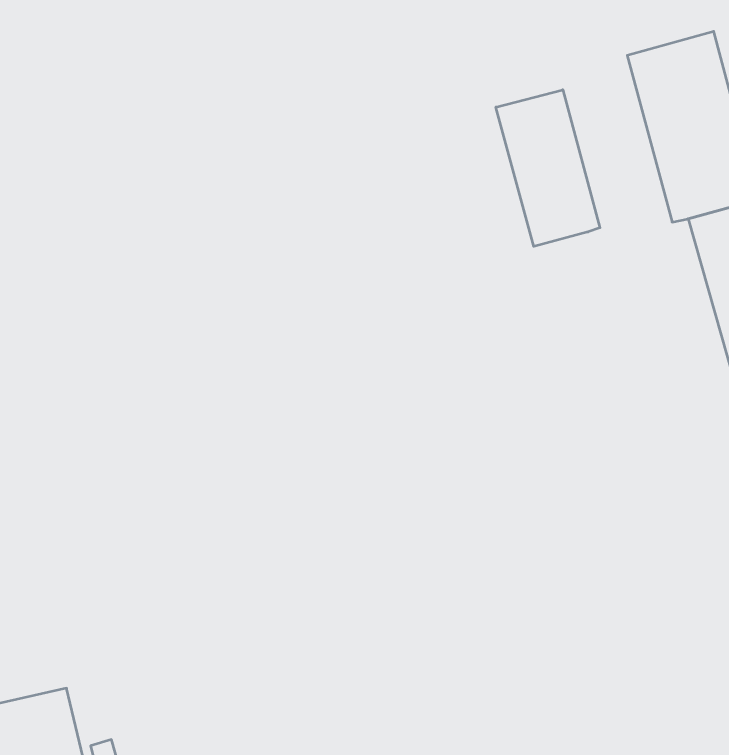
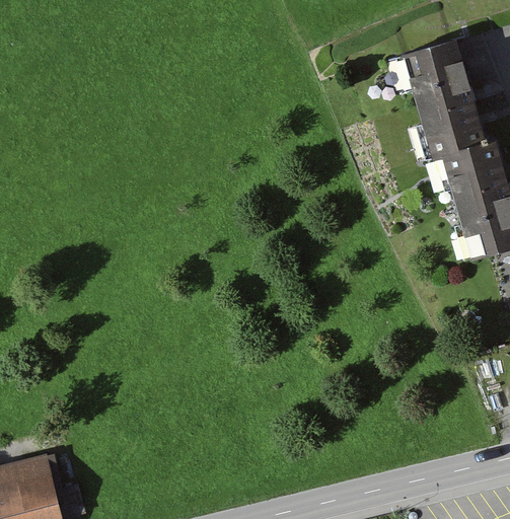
building: [496,90,600,246] -> none

